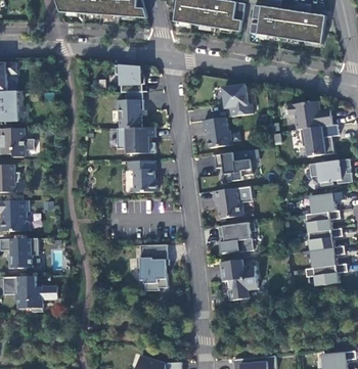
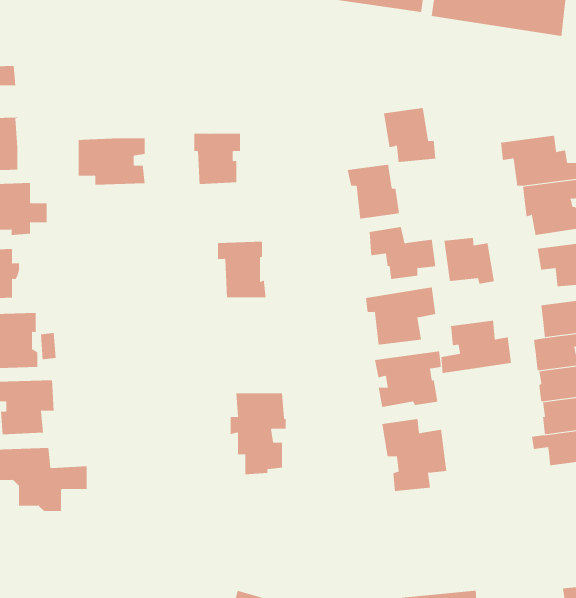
building: [115,64,144,92] -> none
building: [117,127,154,153] -> [78,138,145,185]
building: none -> [444,237,494,284]
building: none -> [441,320,511,374]

